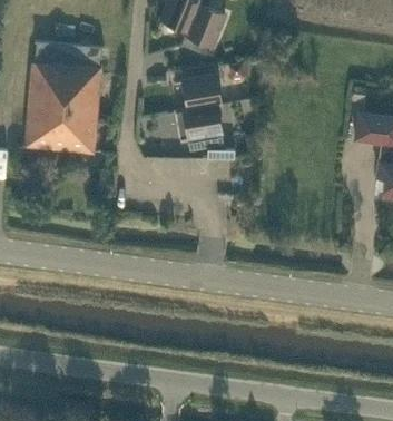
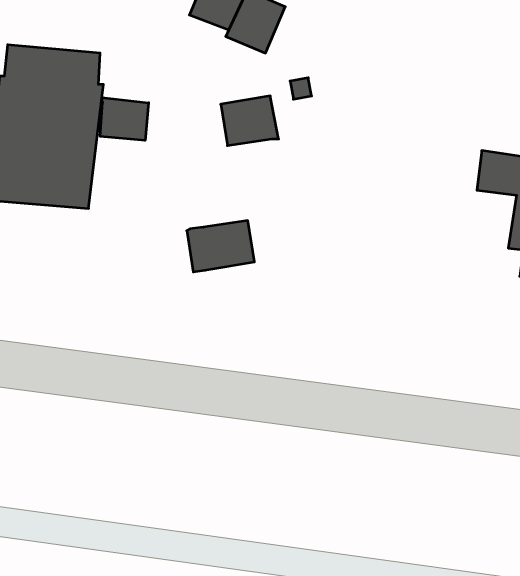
building: none -> [100,98,149,140]
building: [176,107,222,141] -> [187,221,254,272]

